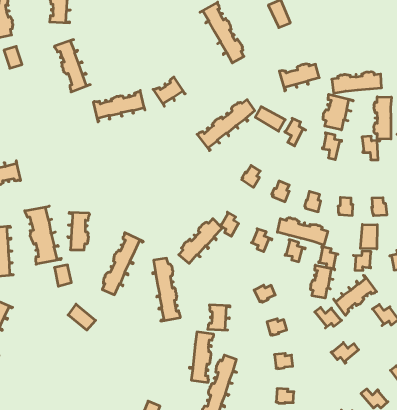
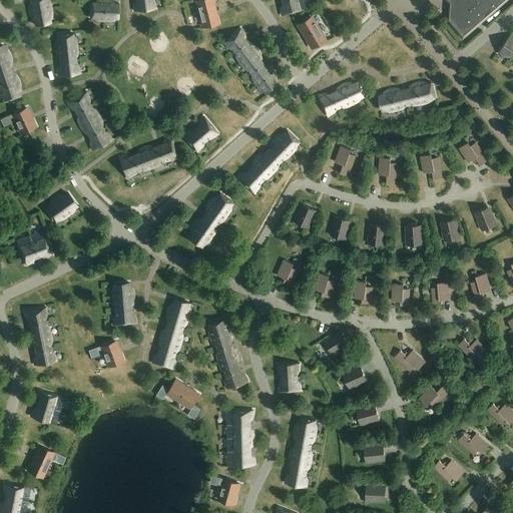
building: [323,94,353,130] -> none
building: [374,97,391,139] -> none
building: [255,107,285,131] -> none
building: none -> [47,193,78,222]
building: [25,206,61,264] -> none
building: [277,218,328,245] -> none
building: [179,219,222,263] -> [189,194,233,247]
building: [360,224,377,249] -> none
building: [311,265,335,298] -> none
building: [334,275,377,315] -> none
building: [68,304,96,330] -> [168,381,199,408]
building: [189,332,214,382] -> [231,411,254,465]

